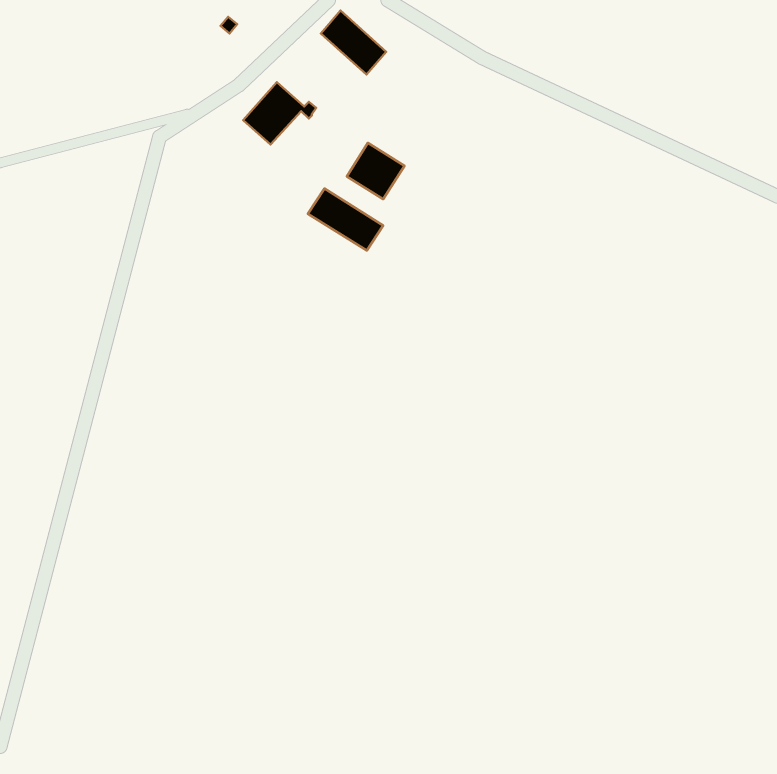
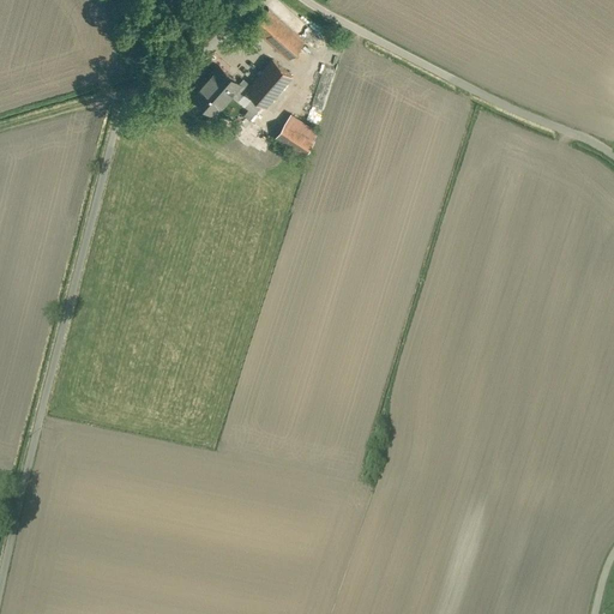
building: none -> [246,61,291,109]
building: [308,189,383,251] -> none

